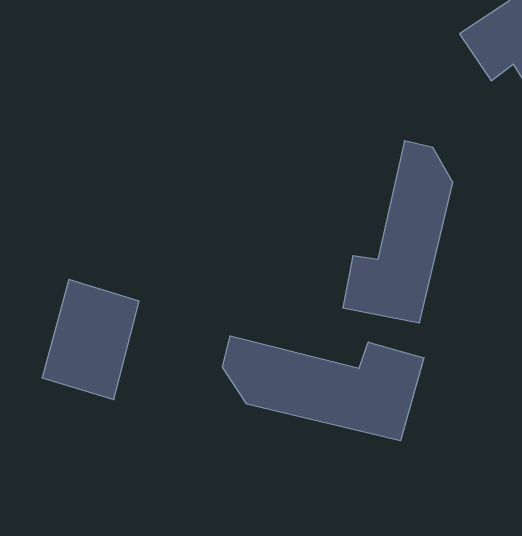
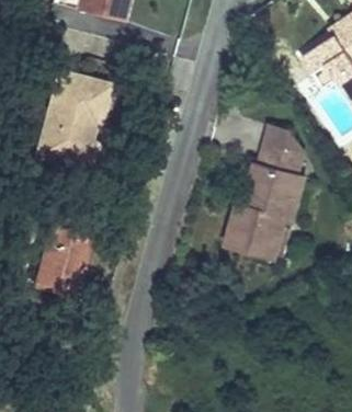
building: none -> [37,66,111,165]
building: [223,336,424,441] -> none

